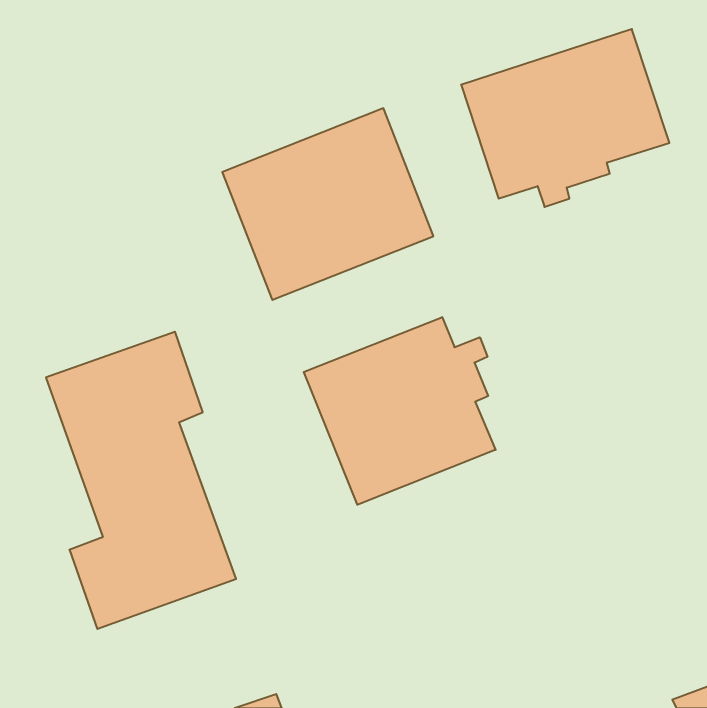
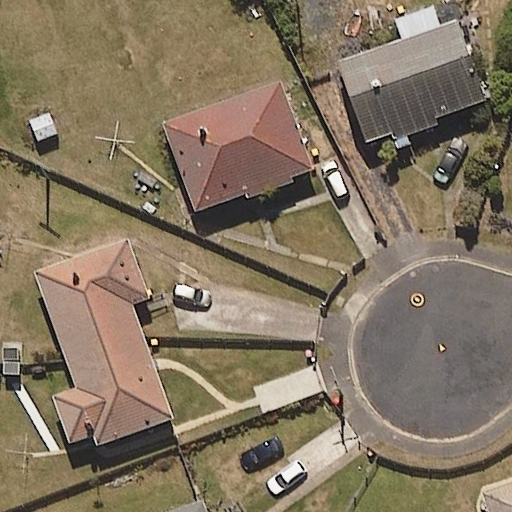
building: [304,317,496,505] -> none

